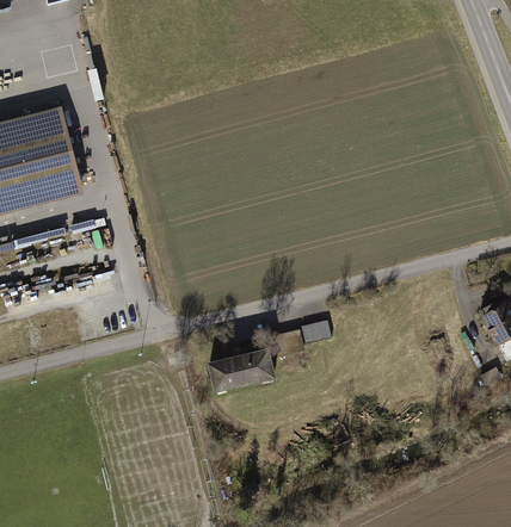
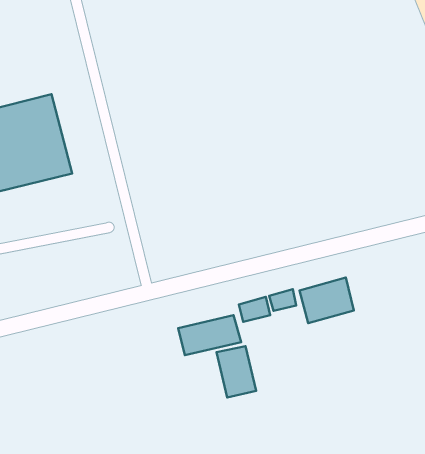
building: none -> [299,278,354,323]
building: none -> [216,346,256,397]

